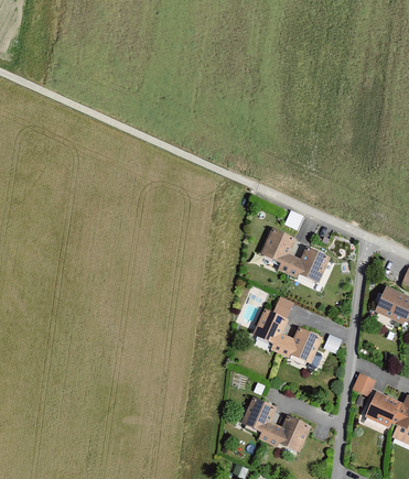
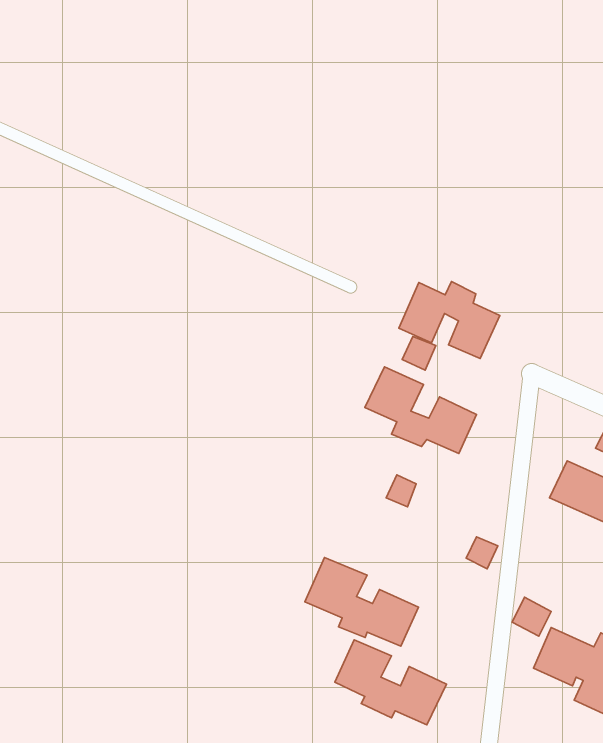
building: none -> [399,282,500,358]
building: [251,308,322,363] -> [305,558,419,646]

